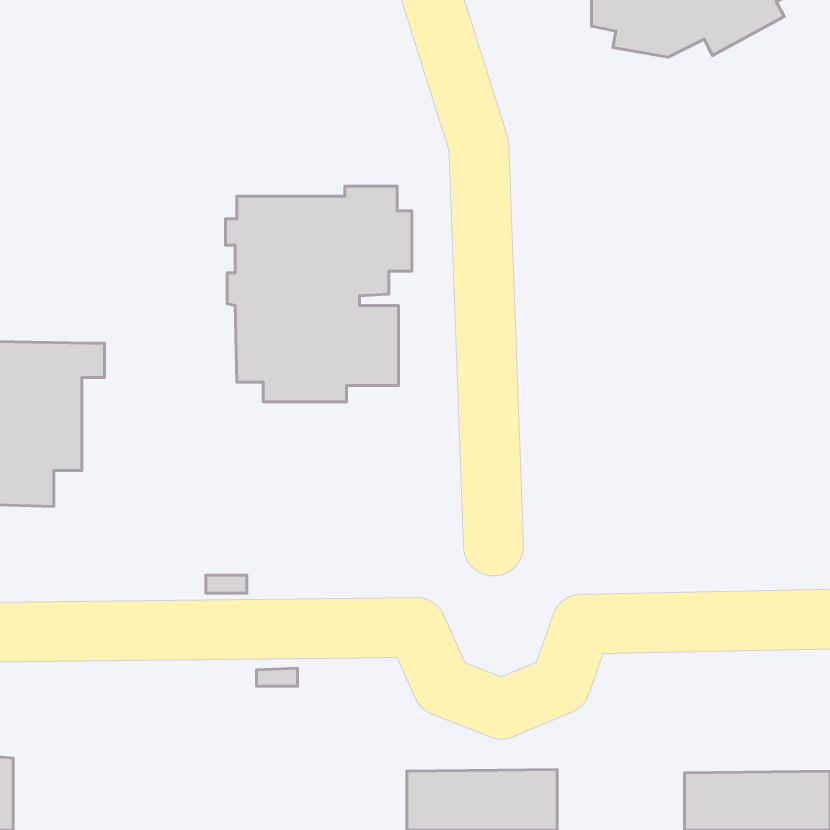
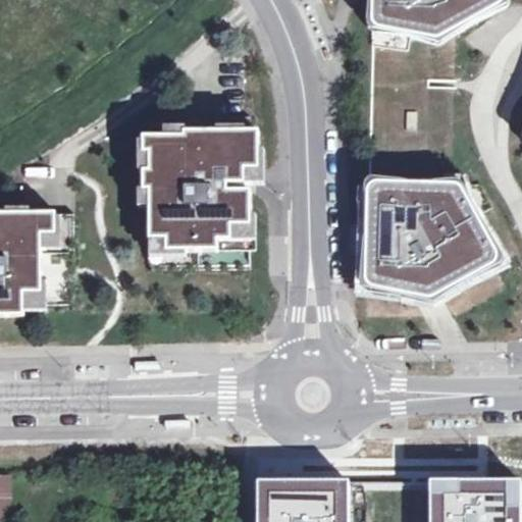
building: none -> [363,182,499,295]

